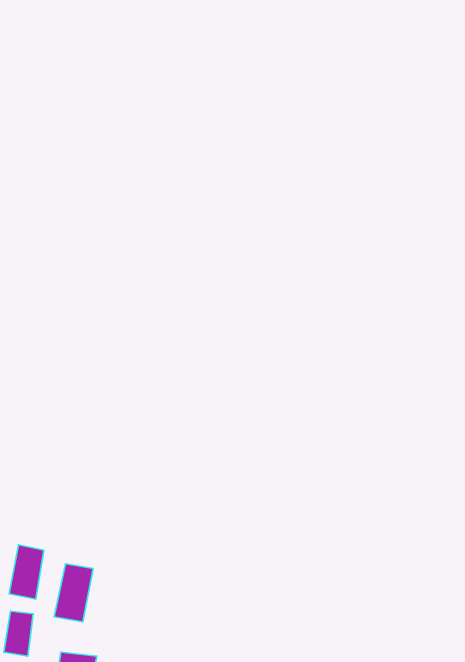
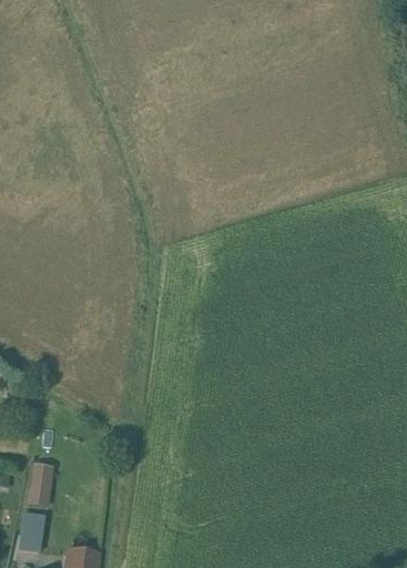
building: [54,564,93,622] -> none

